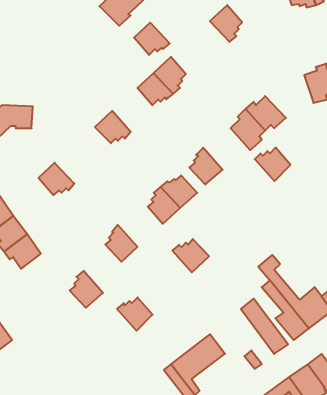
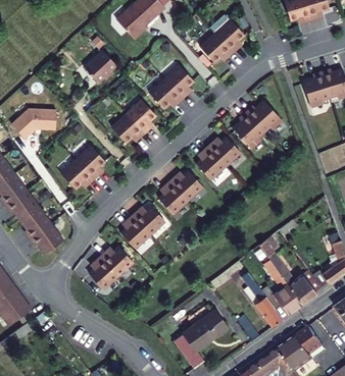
building: [134,23,170,55] -> [198,34,230,62]
building: none -> [82,50,114,82]
building: none -> [126,100,154,131]
building: [255,148,290,181] -> [206,136,238,165]
building: none -> [75,146,104,177]
building: [172,239,209,272] -> [131,204,163,233]
building: [117,297,153,331] -> [100,245,132,274]

